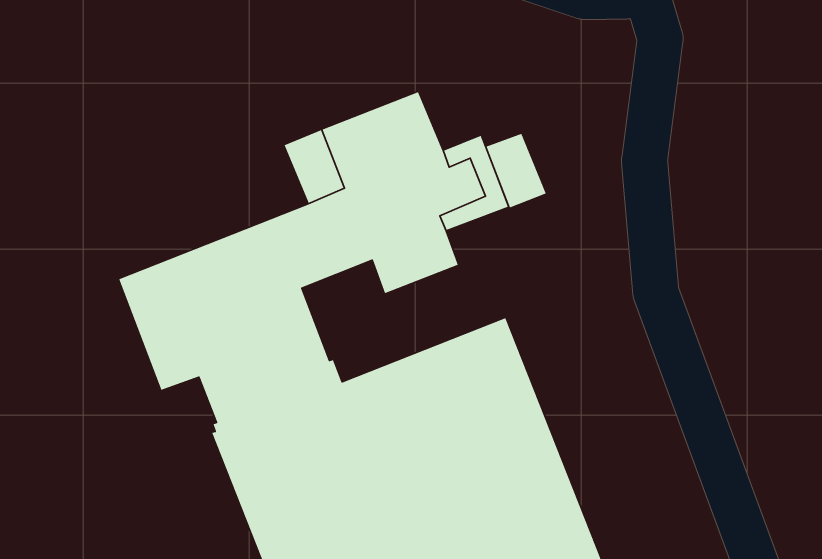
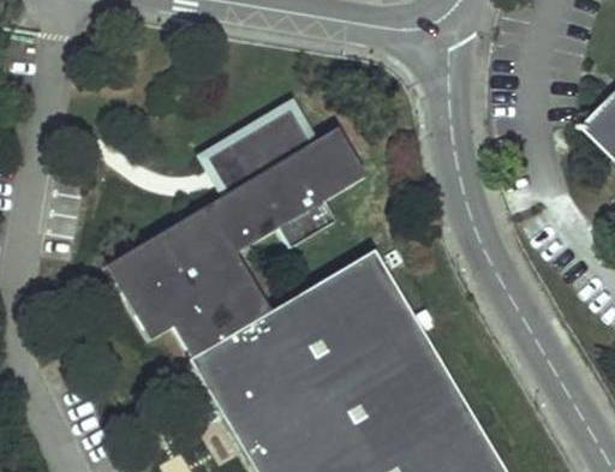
building: [485,133,547,209] -> none

